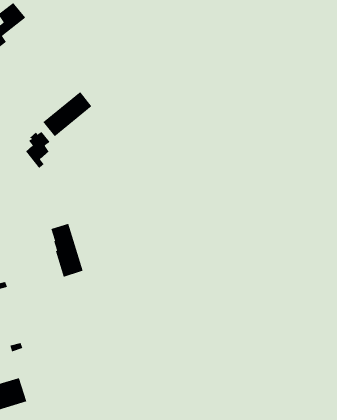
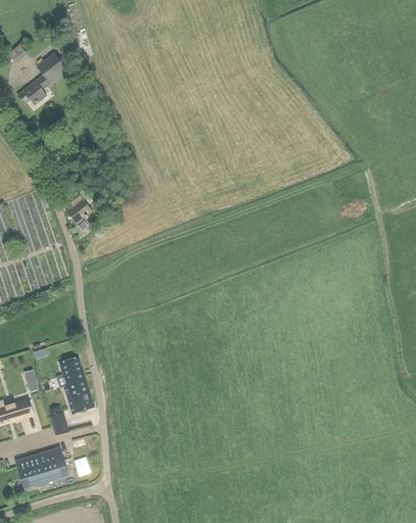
building: [43,91,92,137] -> none
building: [50,223,83,277] -> [58,355,93,413]

